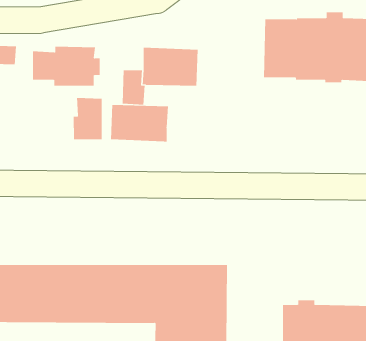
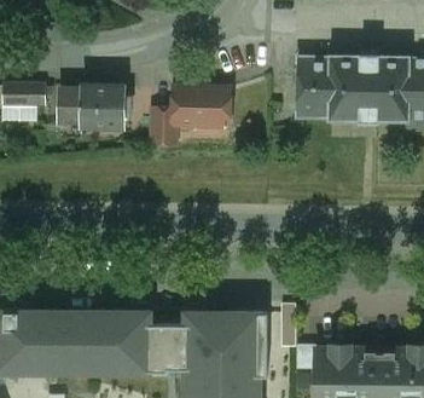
building: [73,97,102,140] -> none
building: [111,104,169,142] -> none

